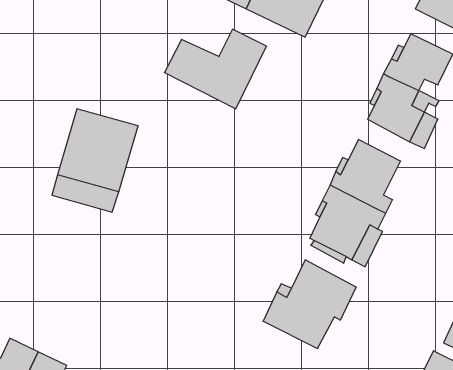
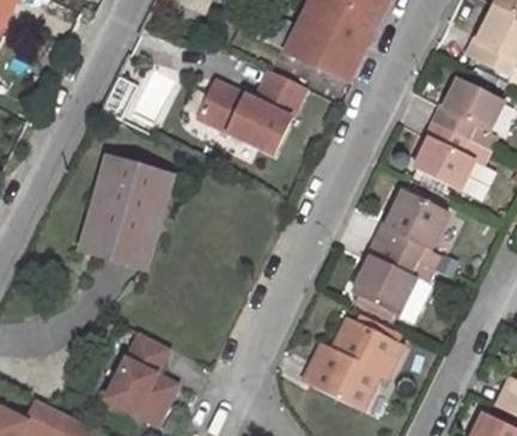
building: none -> [105,332,175,420]

